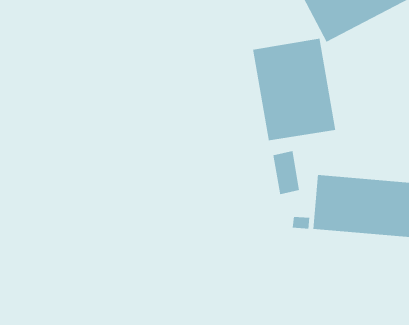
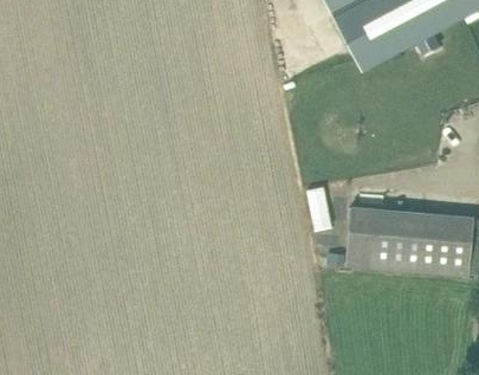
building: [253,38,336,141] -> none

